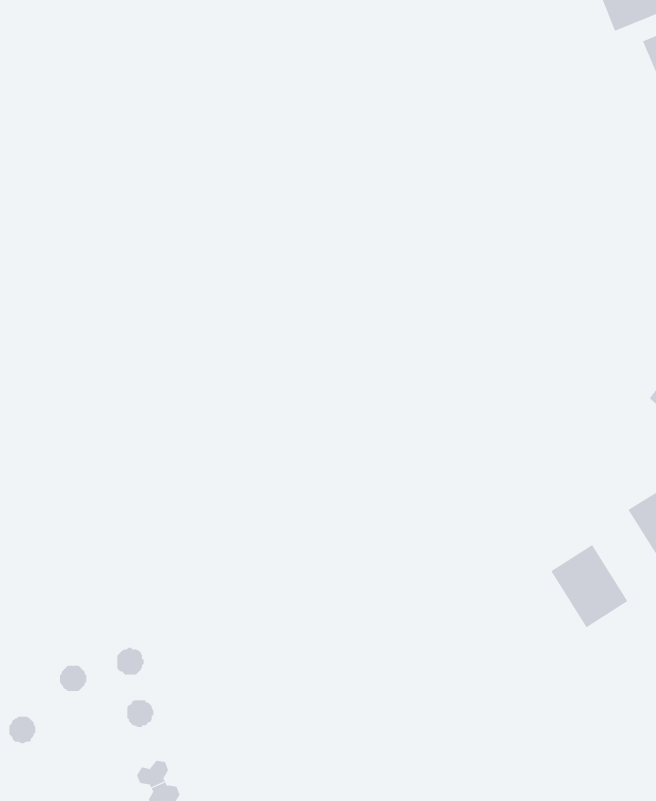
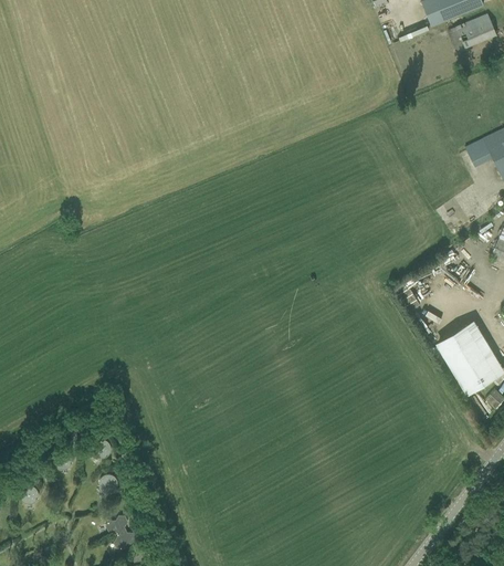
building: [551,544,628,628] -> none

